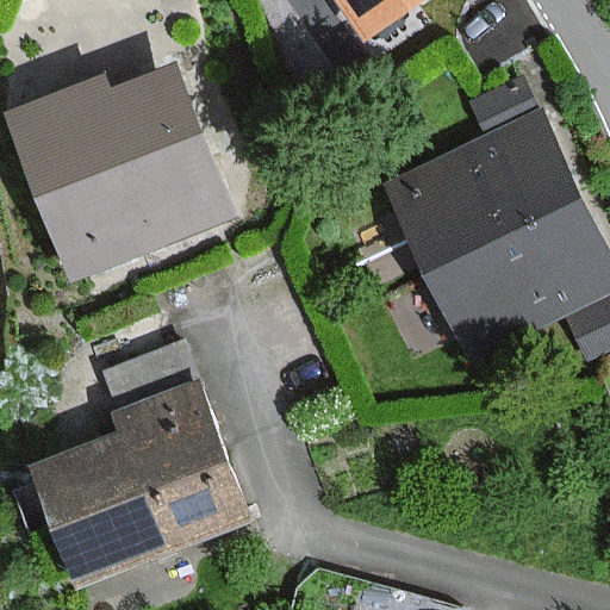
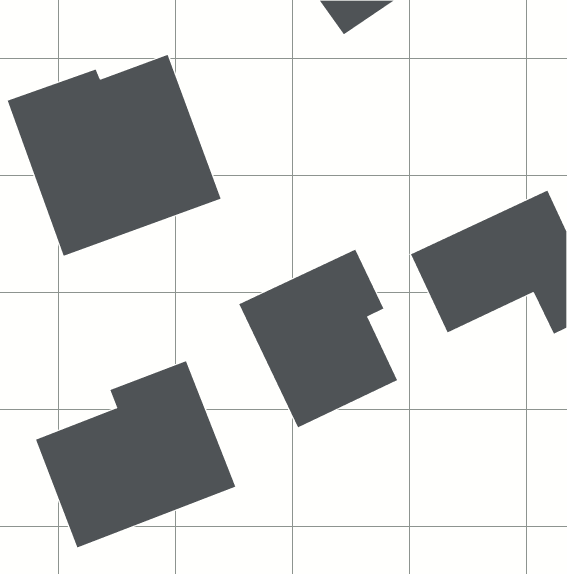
building: [391,81,578,272] -> none
building: none -> [238,249,398,428]

